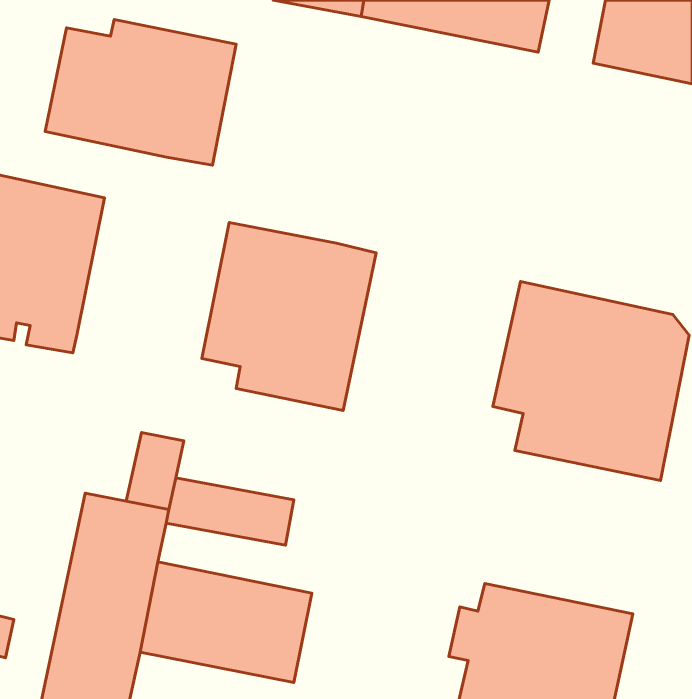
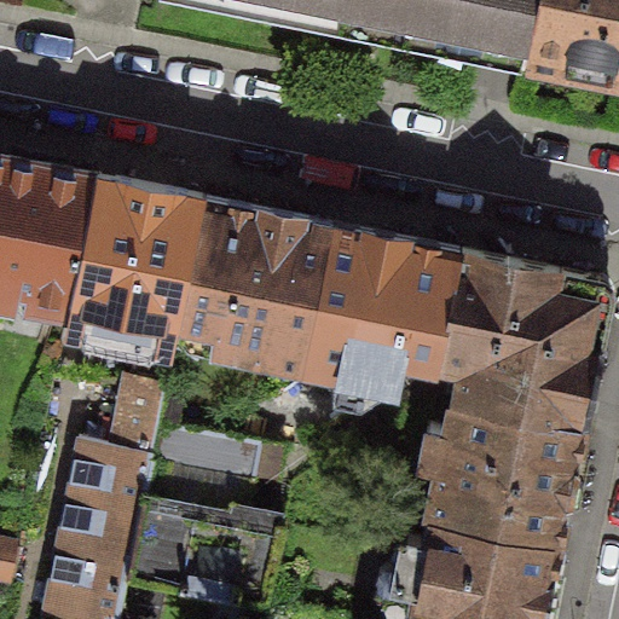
building: [45,20,236,165] -> none
building: none -> [68,177,202,325]
building: none -> [302,225,458,382]
building: none -> [418,399,582,543]

